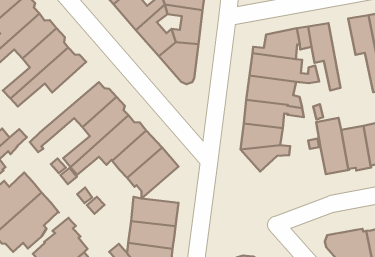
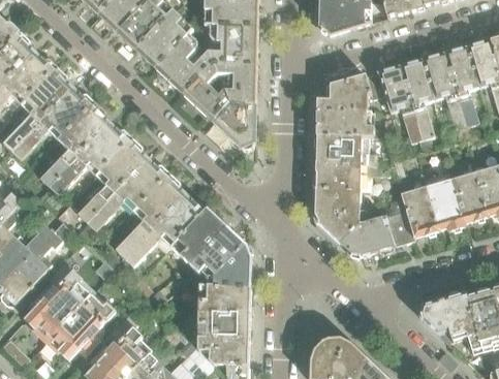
building: none -> [400,58,434,150]
building: none -> [77,135,147,220]
building: none -> [339,209,414,256]
building: none -> [208,244,251,285]

